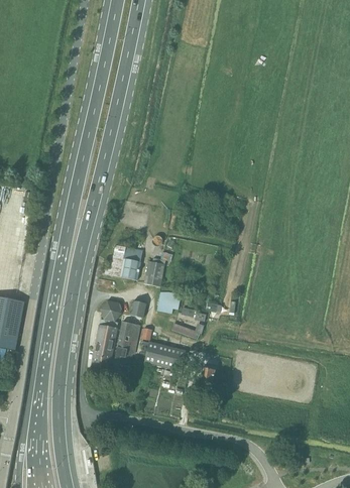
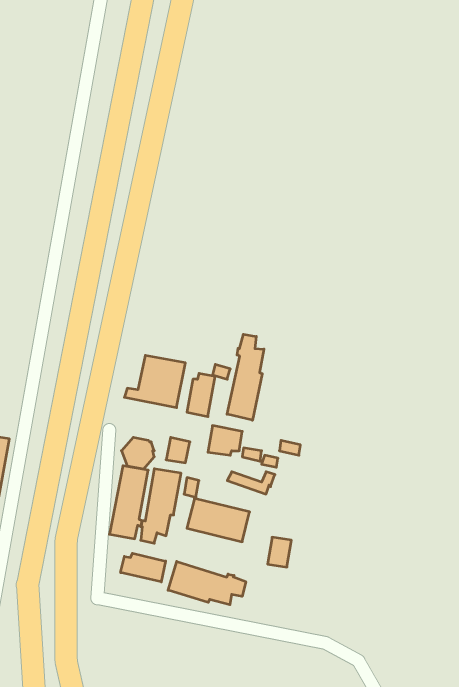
building: none -> [227,334,264,420]
building: none -> [121,553,166,582]
building: none -> [168,561,246,605]

